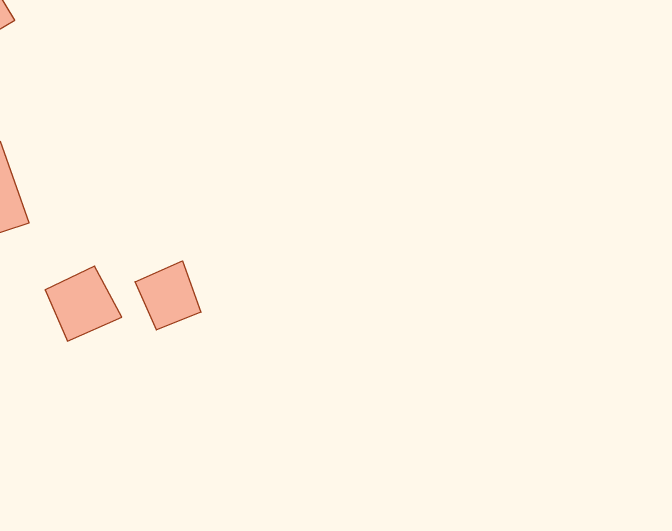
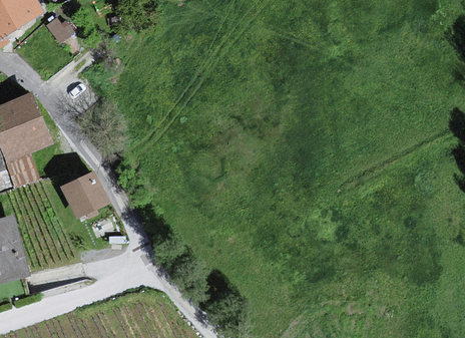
building: [135,261,201,330] -> none

